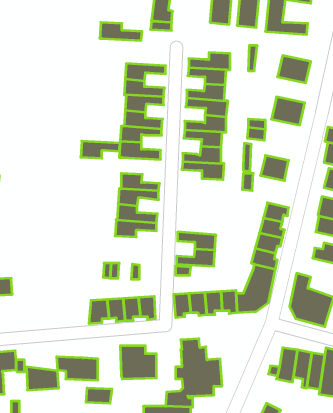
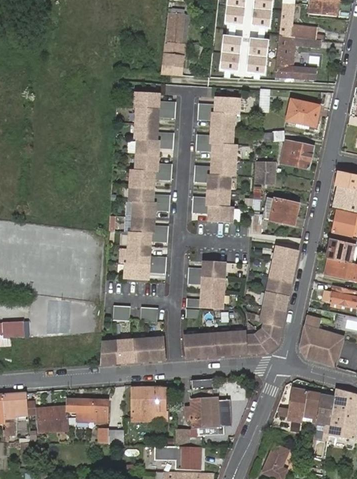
building: [100,22,142,40] -> [134,91,176,109]
building: [81,141,120,158] -> [131,200,170,217]
building: none -> [187,260,226,277]

